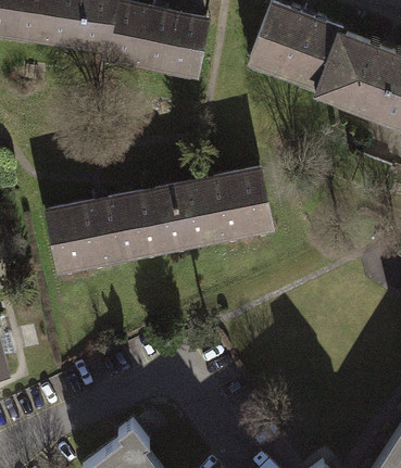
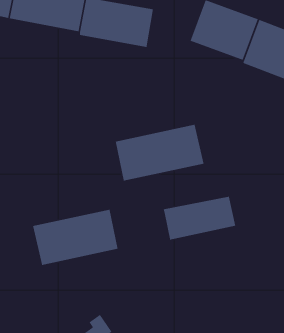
building: [51,193,164,268] -> [32,209,118,266]
building: none -> [163,196,236,241]

